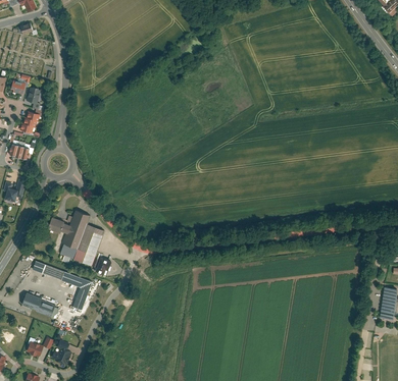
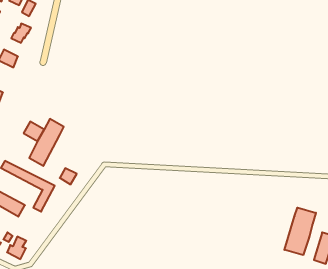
building: [76,225,105,267] -> none
building: none -> [284,208,316,255]

